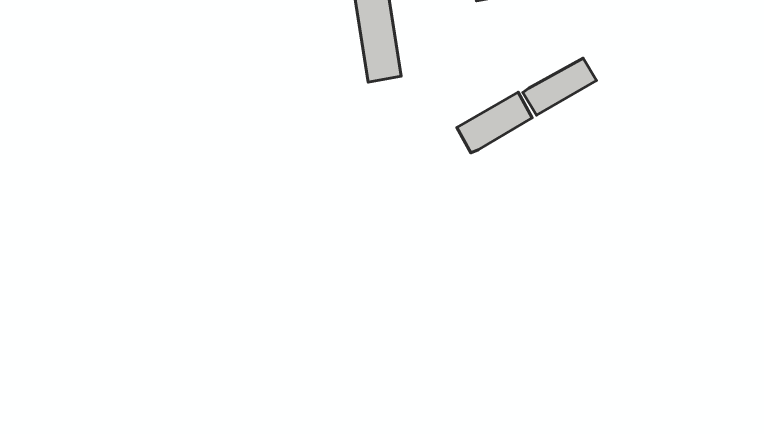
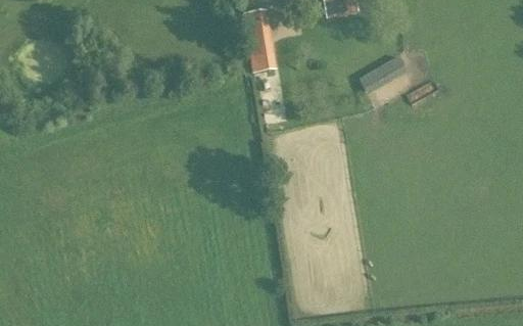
building: [457,92,532,153] -> none

